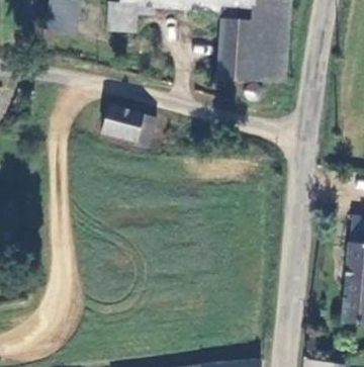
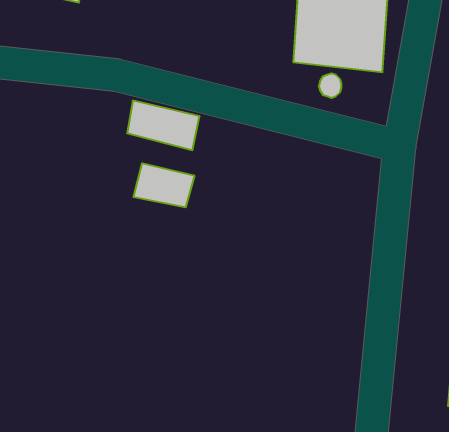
building: none -> [133,163,194,207]

